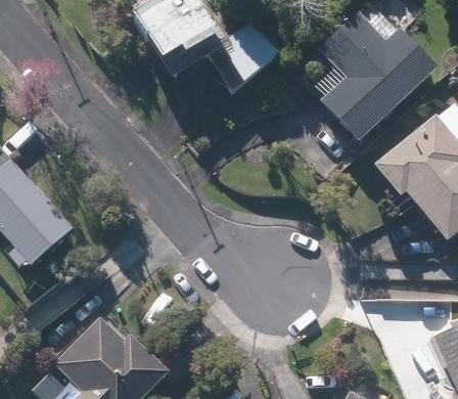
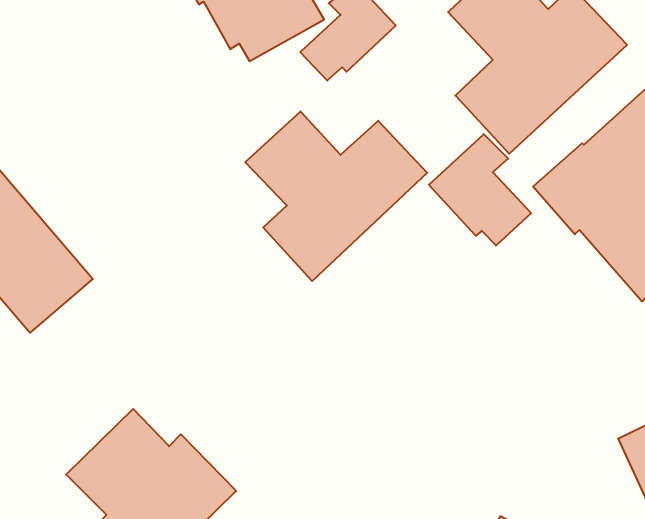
building: none -> [245,111,427,281]
building: none -> [429,134,531,246]

